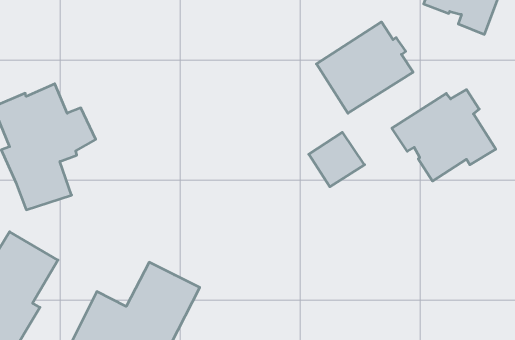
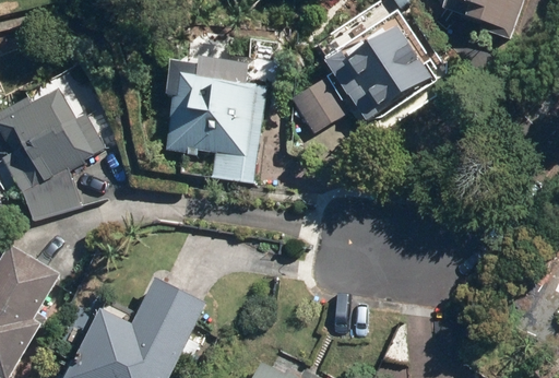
building: none -> [163,56,262,184]
building: [392,90,496,181] -> none
building: [309,132,365,187] -> [287,76,345,133]

